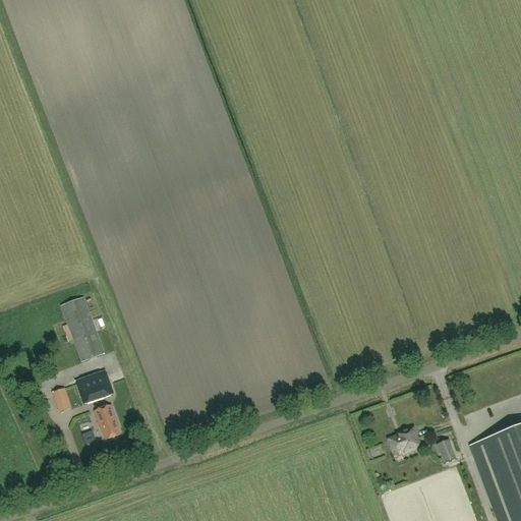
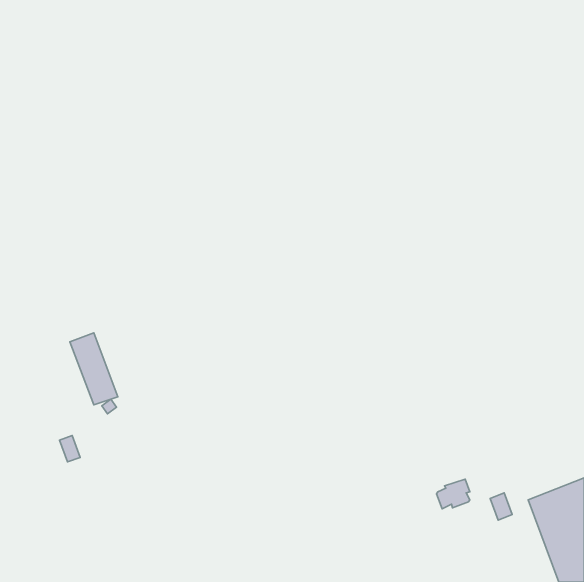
building: [75,368,113,401] -> none
building: [95,404,120,438] -> none

